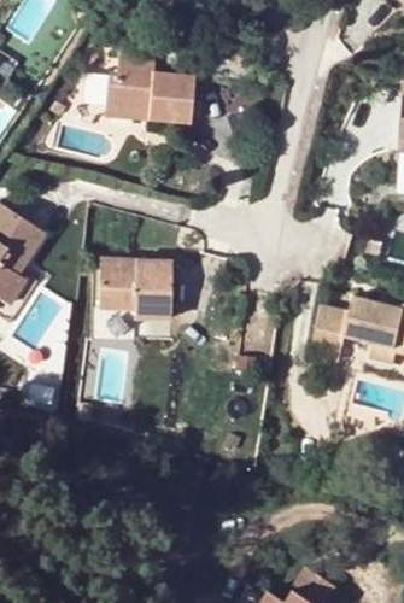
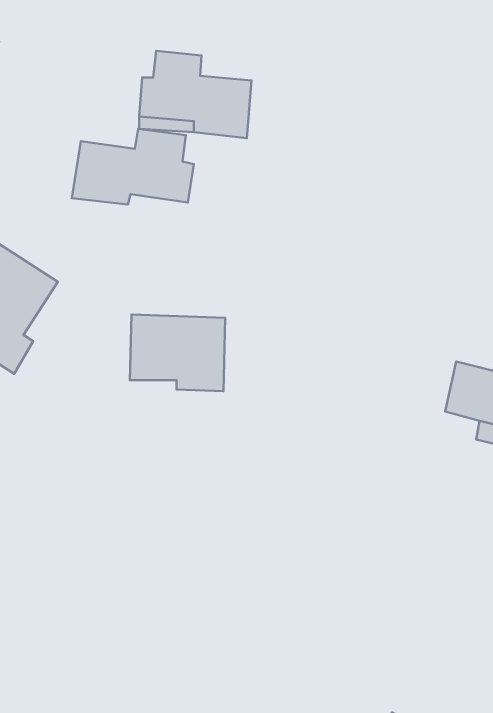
building: none -> [72,129,194,205]
building: [312,291,353,361] -> none

